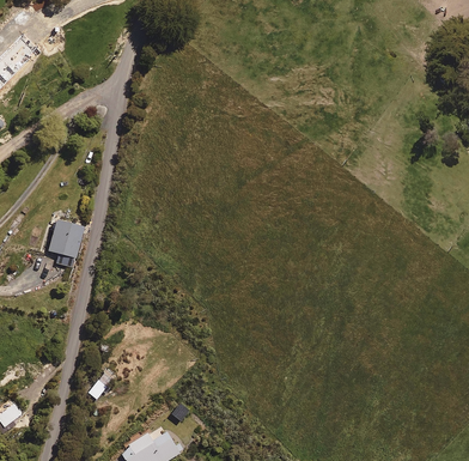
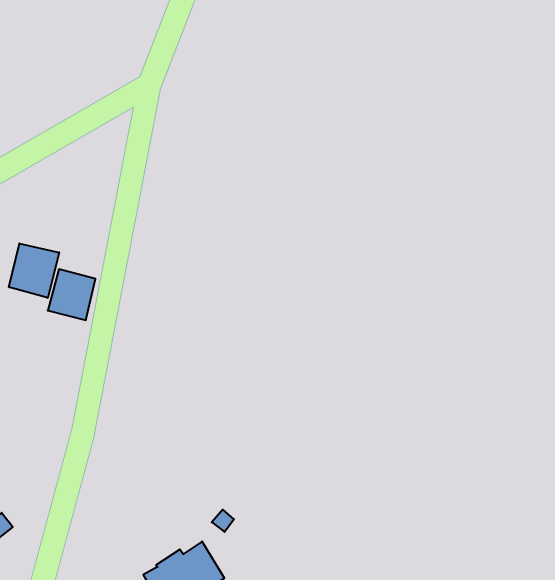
building: none -> [9,243,59,298]

